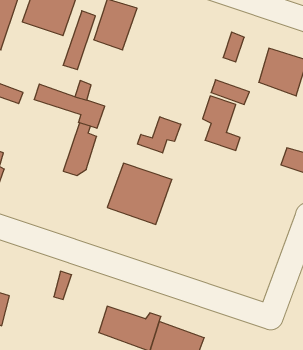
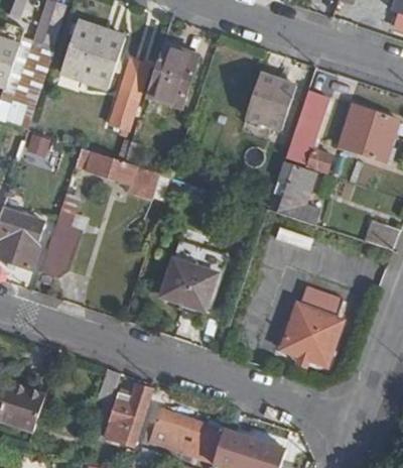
building: none -> [246,74,295,129]
building: [138,117,181,153] -> none
building: [63,123,97,176] -> [39,216,79,278]
building: none -> [280,287,343,367]
building: none -> [103,385,152,448]

